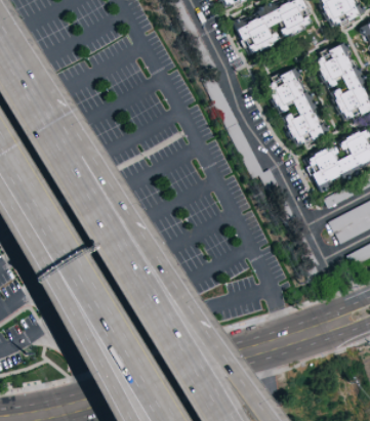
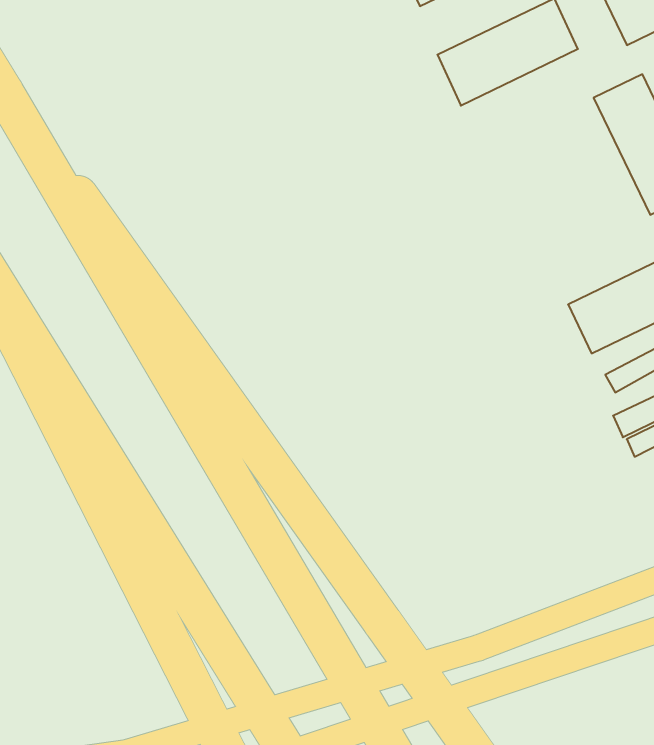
building: [271,68,326,141] -> none

